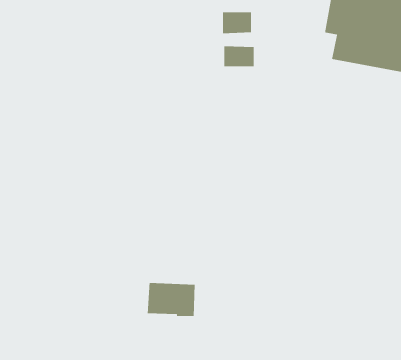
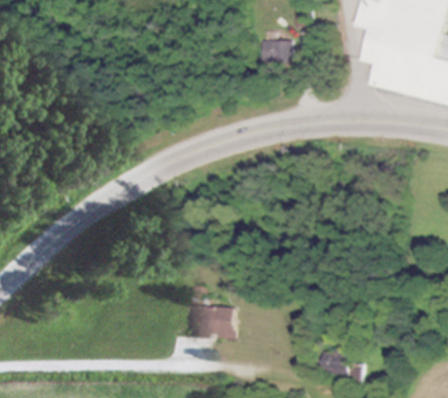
building: [224,45,254,67] -> none
building: none -> [322,353,350,374]

